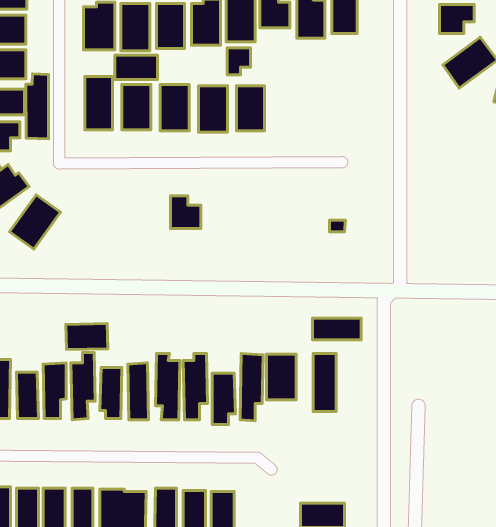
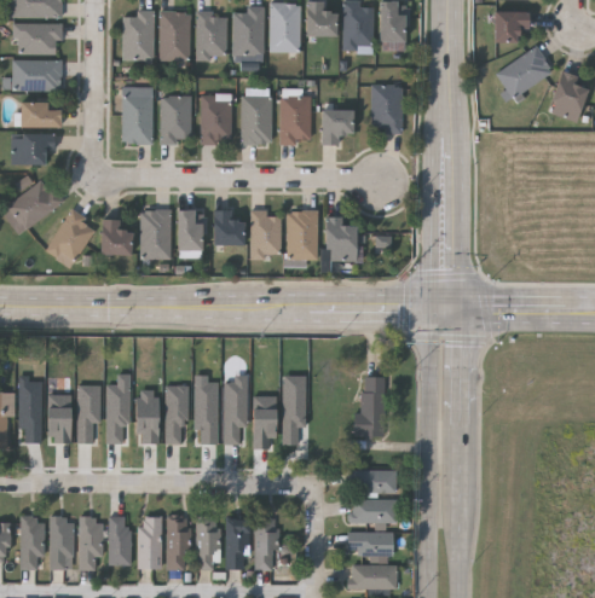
building: [227,48,251,75] -> none
building: [115,55,157,79] -> none
building: [26,74,49,139] -> none
building: none -> [371,85,400,132]
building: none -> [320,110,351,145]
building: none -> [250,209,281,259]
building: none -> [140,210,171,259]
building: none -> [287,210,317,259]
building: none -> [177,211,203,254]
building: none -> [324,216,354,261]
building: none -> [99,220,131,256]
building: [312,318,361,340] -> none
building: [66,324,108,350] -> none
building: [267,354,296,400] -> none
building: none -> [350,470,395,492]
building: none -> [348,499,395,522]

